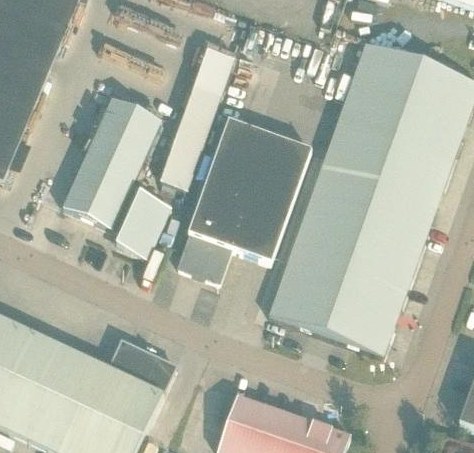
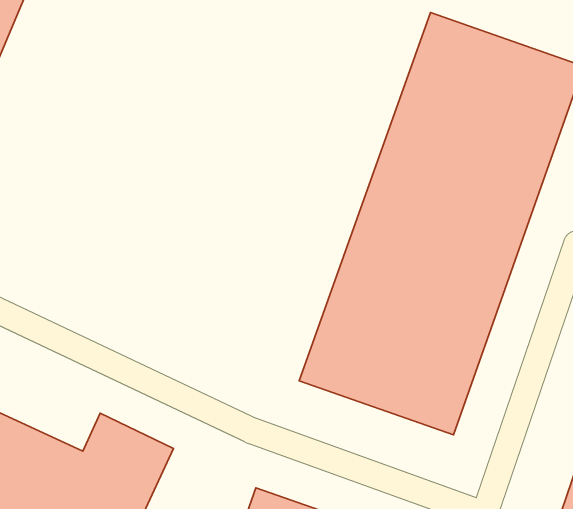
building: [161,46,235,188] -> none
building: [63,96,171,256] -> none
building: [178,118,312,280] -> none

